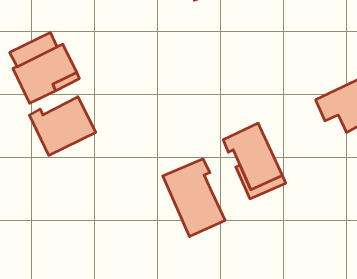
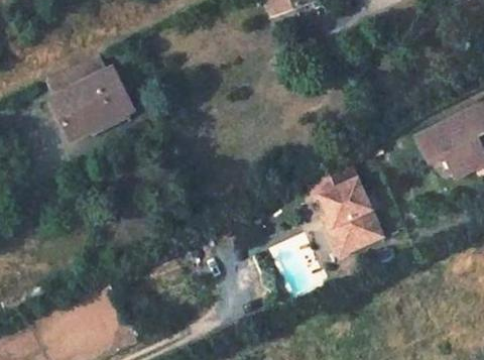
building: [29,97,96,155] -> none
building: [163,159,225,237] -> none

